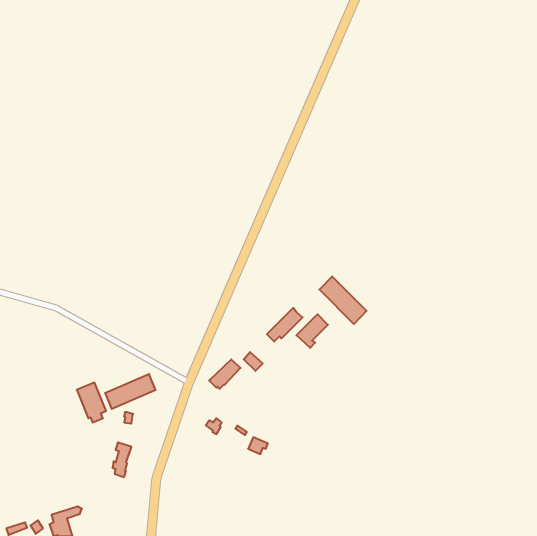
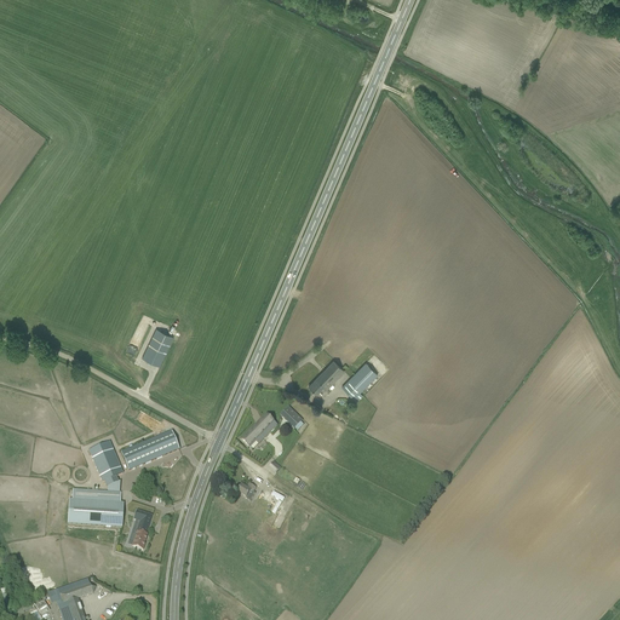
building: [319,276,367,324] -> none
building: none -> [142,328,173,366]
building: none -> [67,488,124,528]

